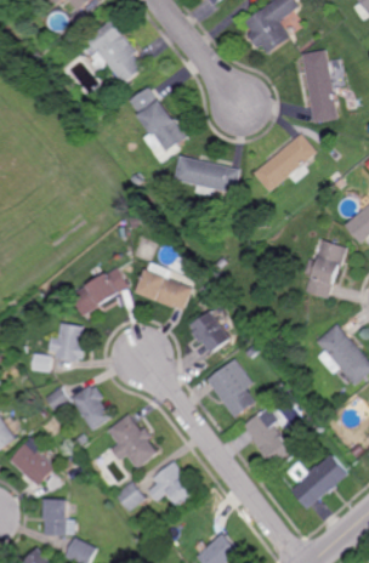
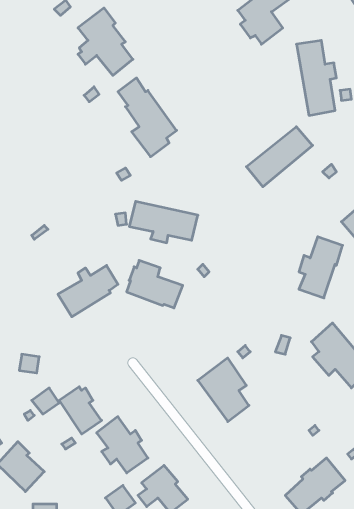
building: [172,155,239,195] -> [129,201,198,243]
building: [189,311,231,353] -> none
building: [49,323,85,362] -> none
building: [242,406,291,467] -> none

